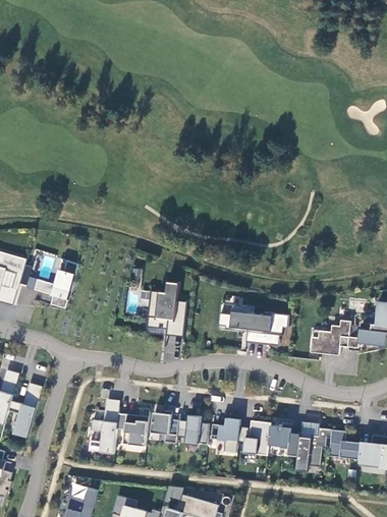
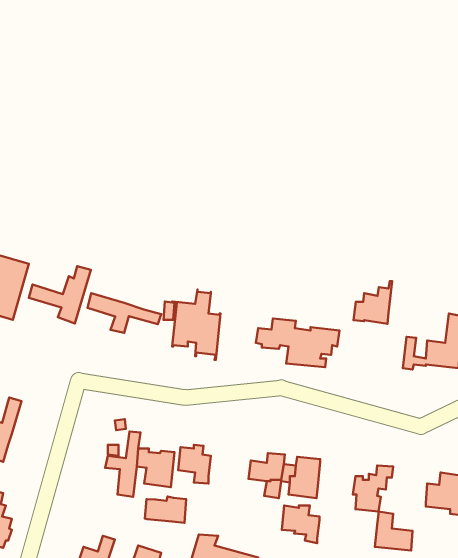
building: none -> [88,293,161,333]
building: [310,320,342,355] -> [353,281,392,324]
building: [8,384,42,438] -> none
building: [176,414,209,445] -> none
building: [268,424,299,456] -> [282,505,320,543]
building: [328,426,360,459] -> [375,512,412,550]
building: none -> [145,497,186,523]

